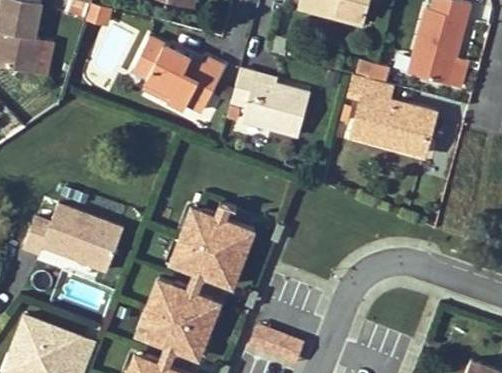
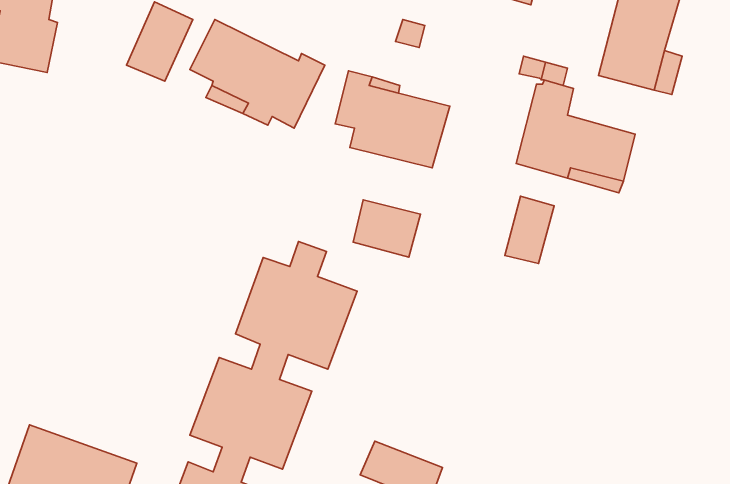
building: none -> [505,196,554,263]
building: none -> [353,200,420,257]
building: [23,202,122,270] -> none

